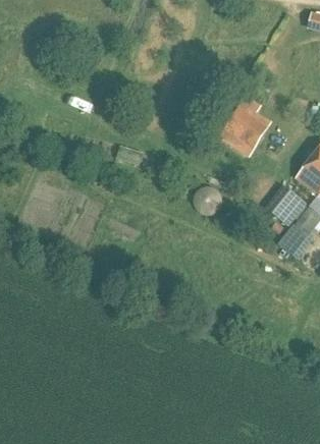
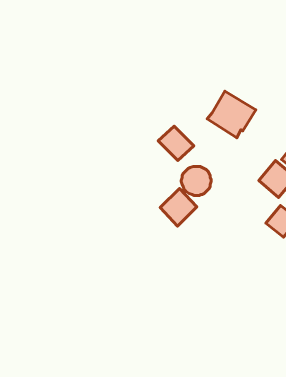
building: none -> [158,126,194,161]
building: none -> [160,188,197,226]

